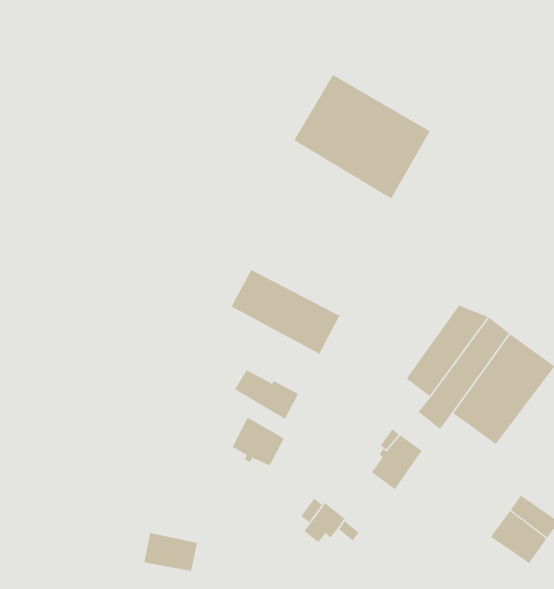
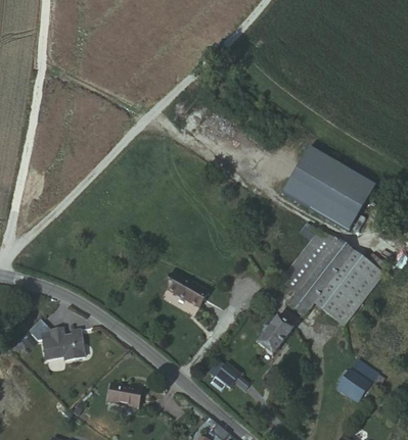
building: [293,74,431,199] -> [278,144,371,229]
building: [231,269,340,355] -> none
building: [232,417,285,466] -> none
building: none -> [27,326,82,365]

